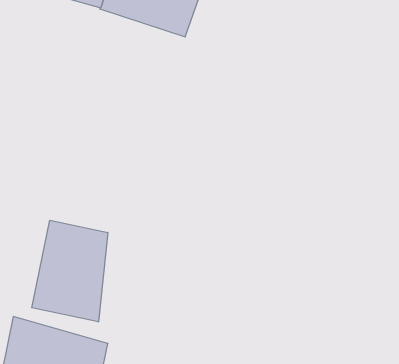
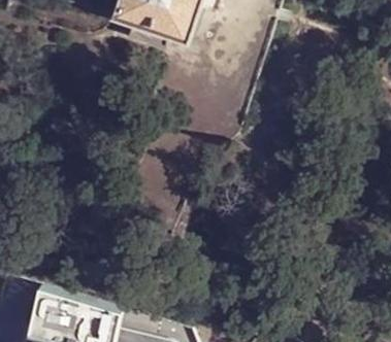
building: [32,220,108,322] -> none

